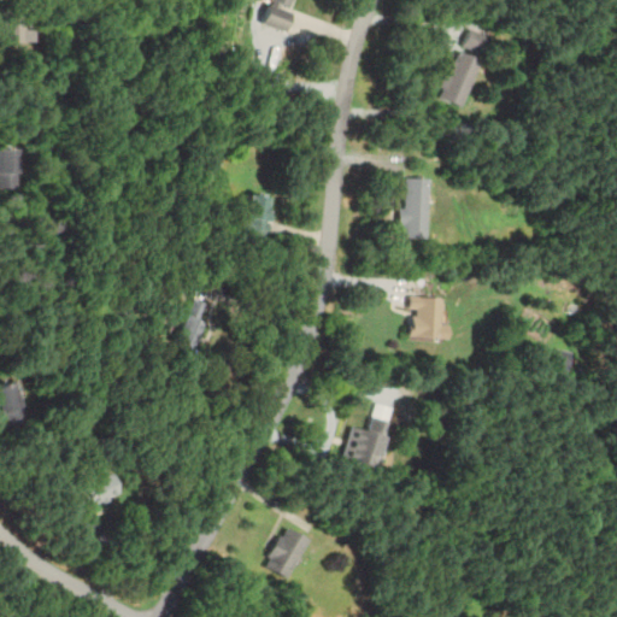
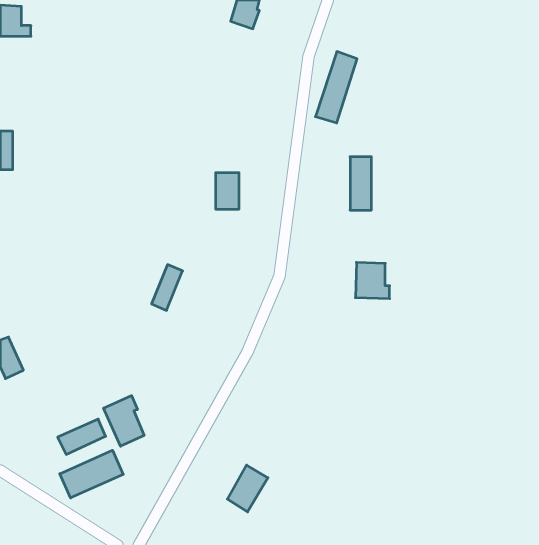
building: [441,27,488,107] -> [315,52,357,123]
building: [343,416,389,468] -> none
building: none -> [104,396,144,446]
building: none -> [60,450,123,498]

